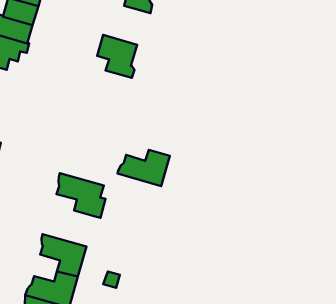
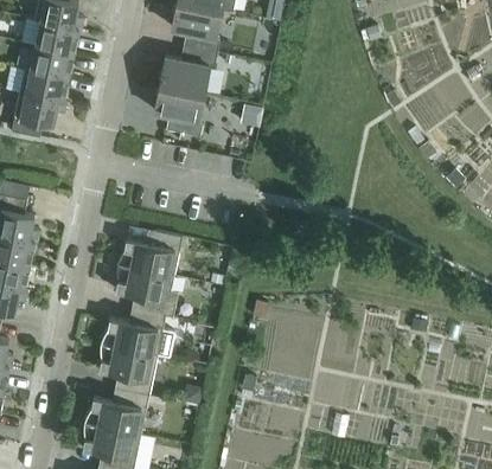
building: none -> [159,45,217,94]
building: [117,150,170,186] -> [116,231,181,276]
building: none -> [100,310,165,355]

